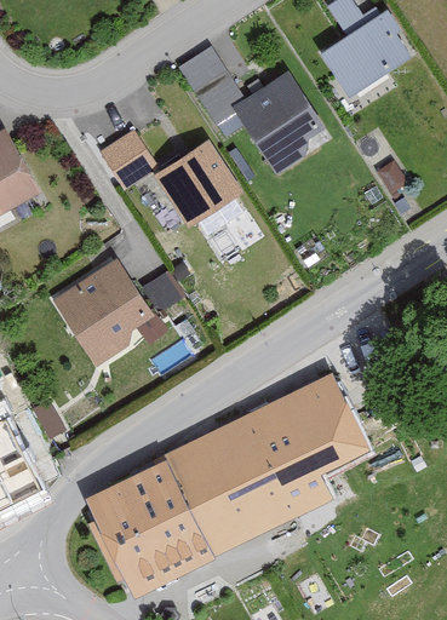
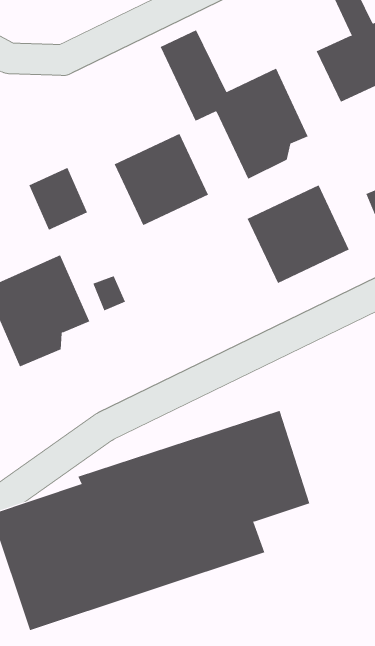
building: [102,130,157,188] -> [28,167,88,231]
building: none -> [247,185,350,284]

